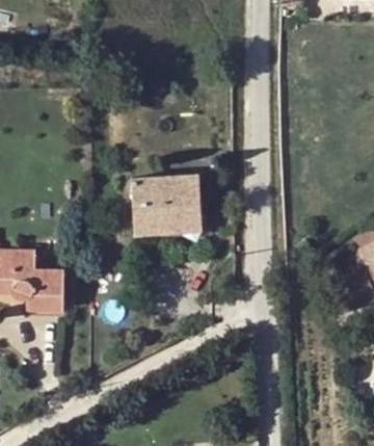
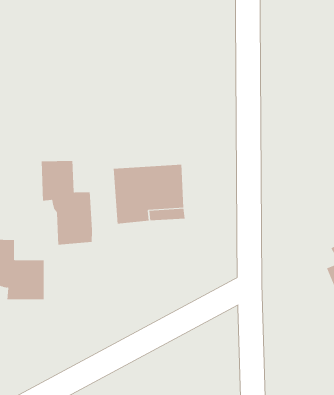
building: none -> [41,160,93,246]

